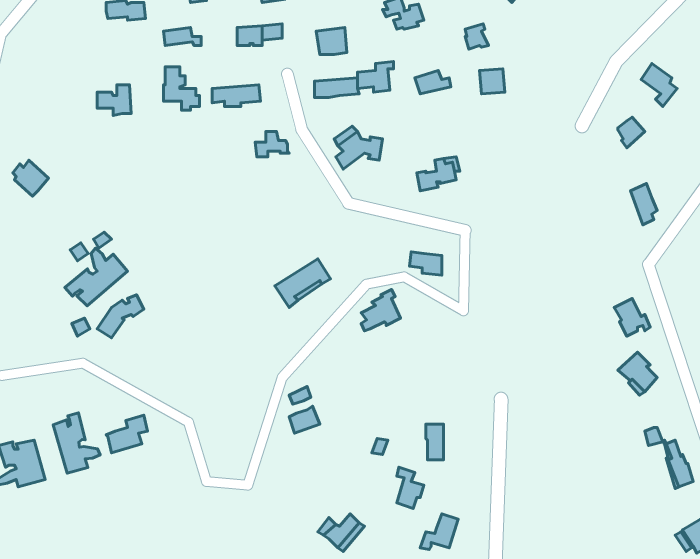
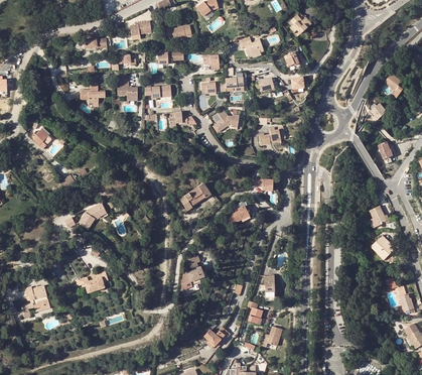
building: [65,248,127,306] -> none
building: [53,413,100,473] -> none

